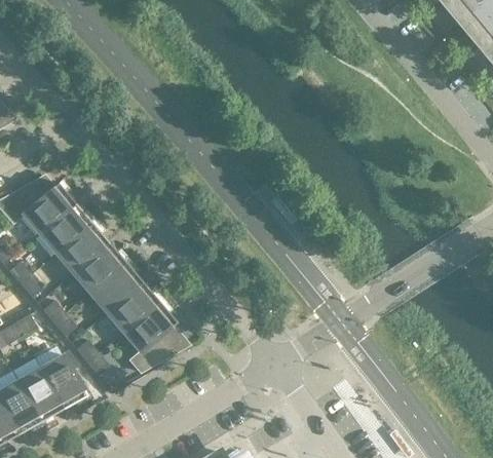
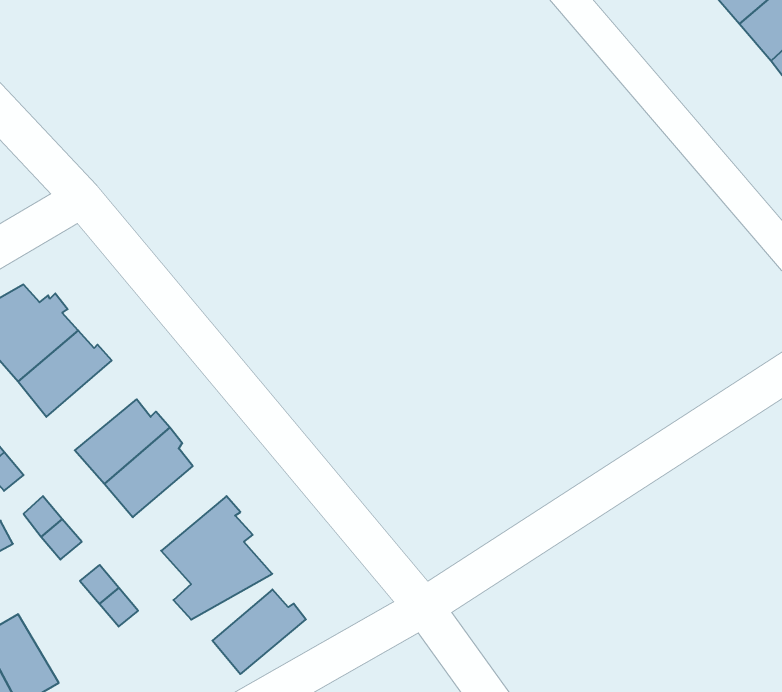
building: [55,221,108,273] -> none
building: [106,282,160,332] -> [212,589,306,674]
building: [39,355,89,409] -> none

